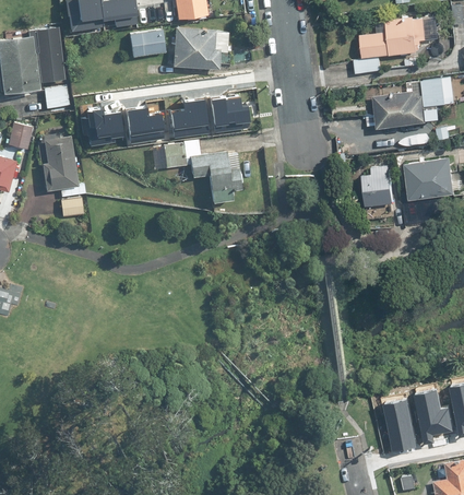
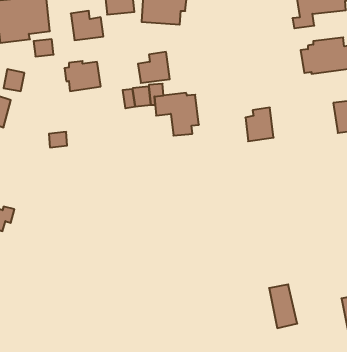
building: [212,97,252,133] -> none
building: [126,109,165,144] -> [71,11,103,40]
building: [41,134,79,189] -> none
building: [362,165,396,205] -> [245,108,274,141]
building: [381,402,415,455] -> [269,284,297,328]

